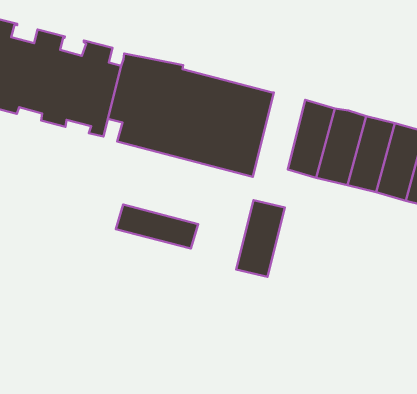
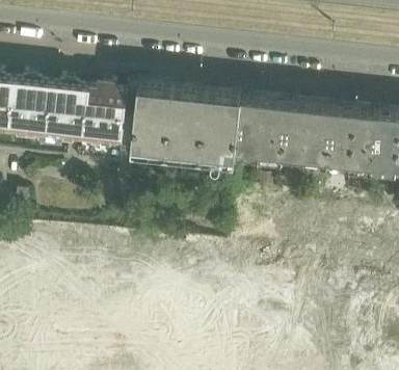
building: [236,200,285,277] -> [221,97,250,152]
building: [116,204,198,249] -> none

